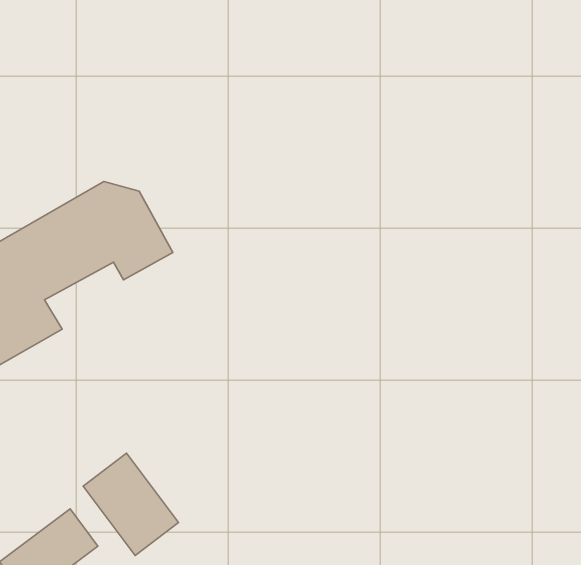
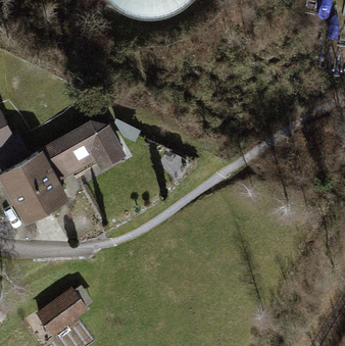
building: [83,453,179,555] -> none

